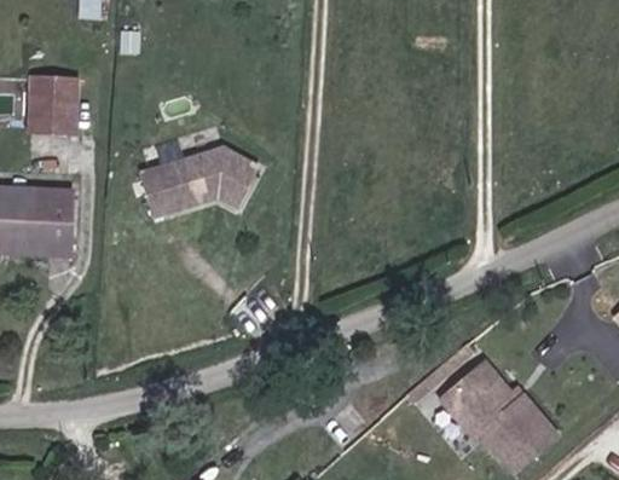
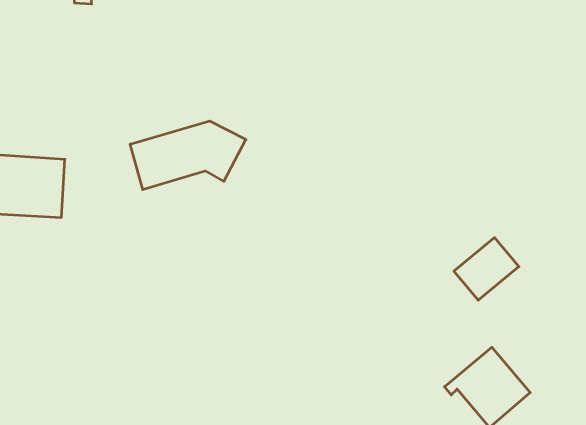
building: [33,76,77,132] -> none
building: [441,360,509,426] -> [454,238,519,300]

